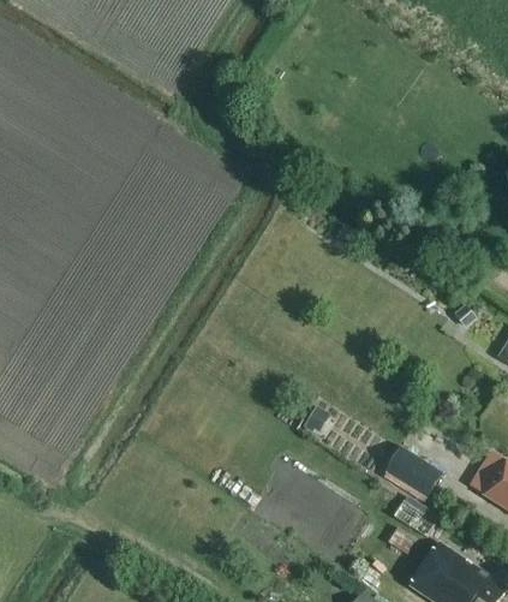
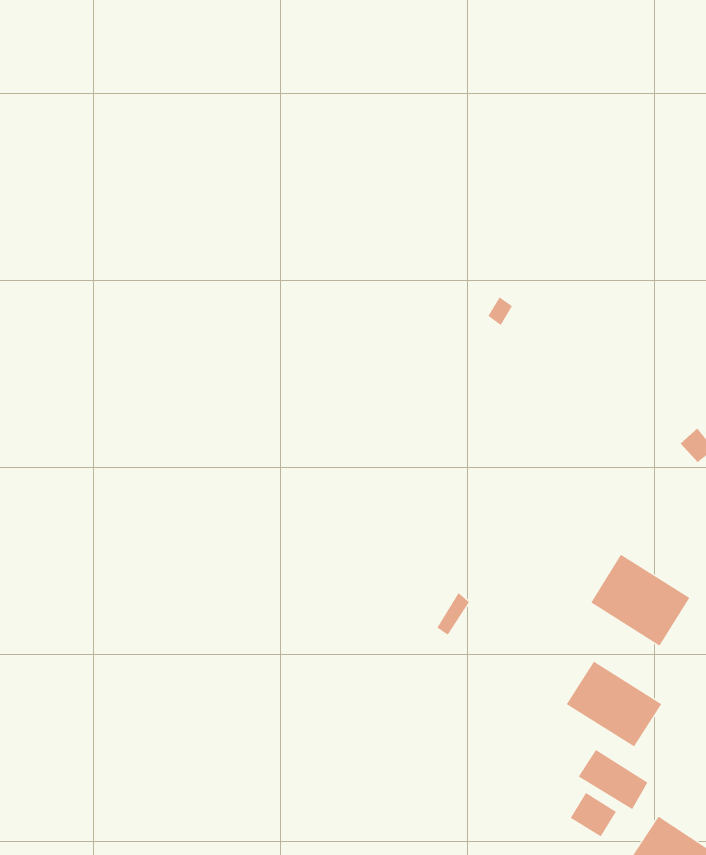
building: none -> [590,554,690,646]

